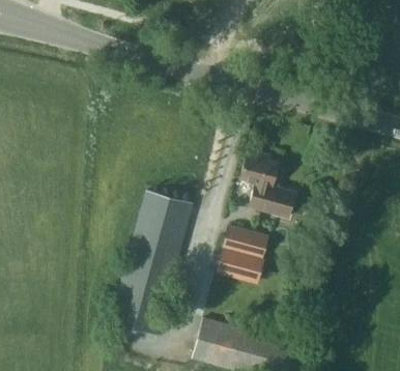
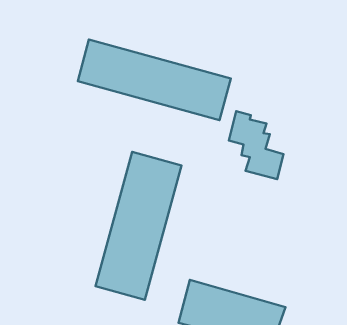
building: none -> [78,40,231,120]
building: [215,224,269,286] -> none

